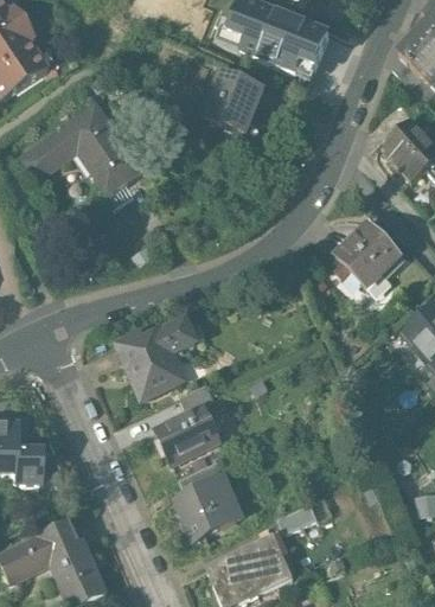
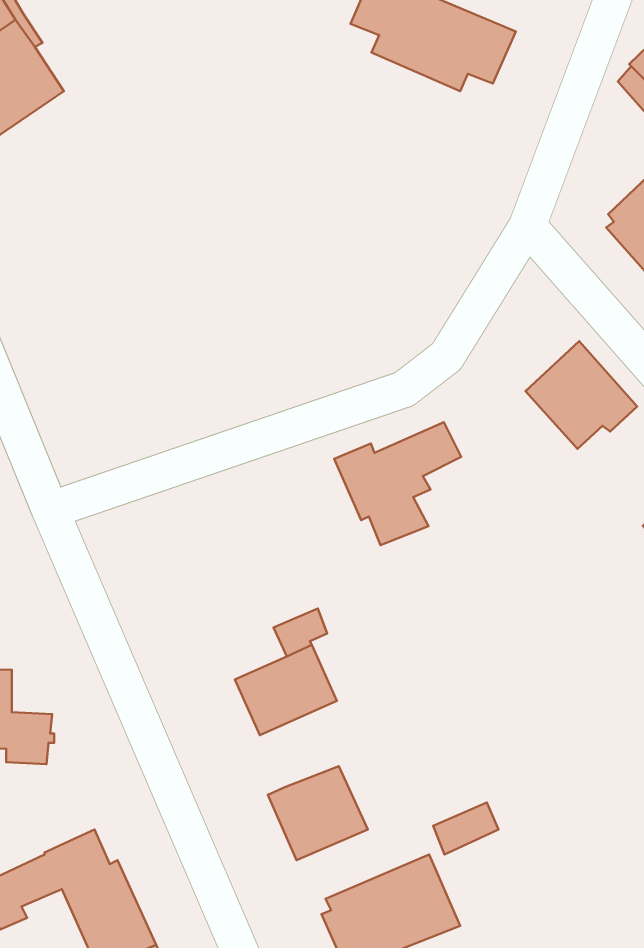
building: [200,65,264,129] -> none
building: [18,101,141,191] -> none
building: [115,318,193,394] -> [334,422,461,545]
building: [178,460,228,494] -> none

